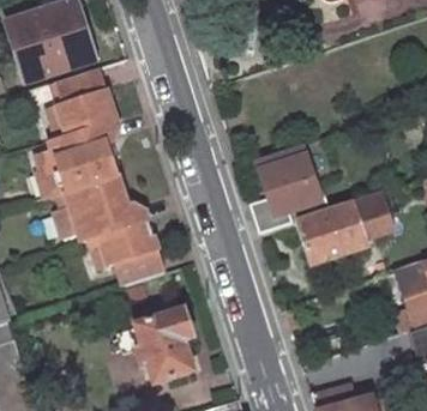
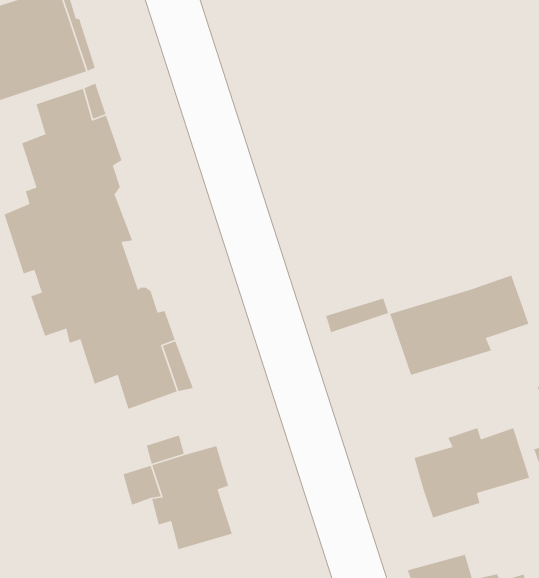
building: [255,144,312,198] -> none
building: none -> [414,427,530,518]

